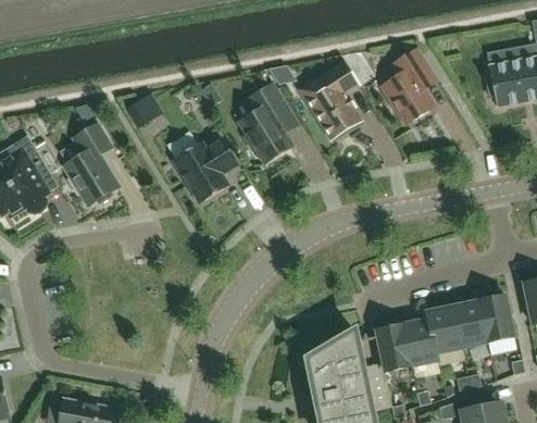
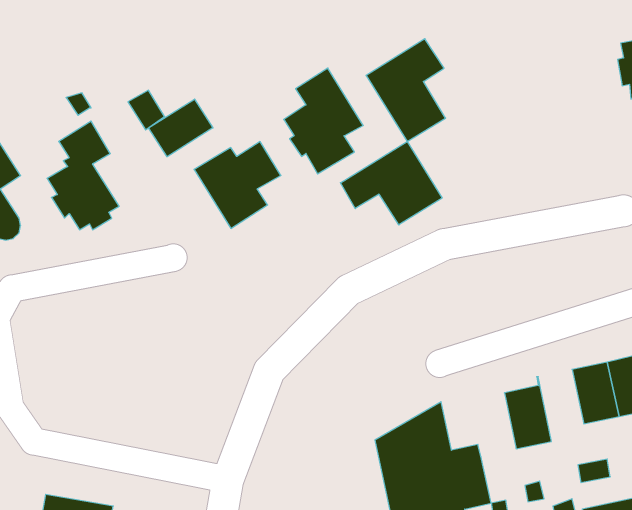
building: [383,49,436,123] -> none
building: none -> [149,99,213,157]
building: none -> [340,142,442,225]
building: [427,307,461,360] -> none
building: [376,324,411,371] -> none

